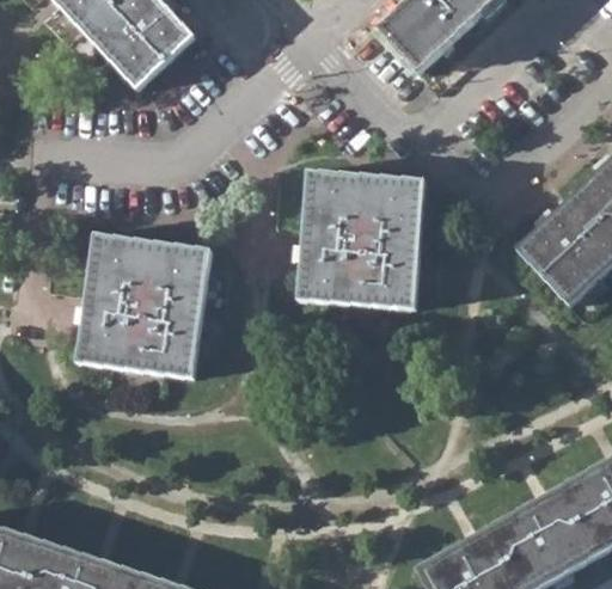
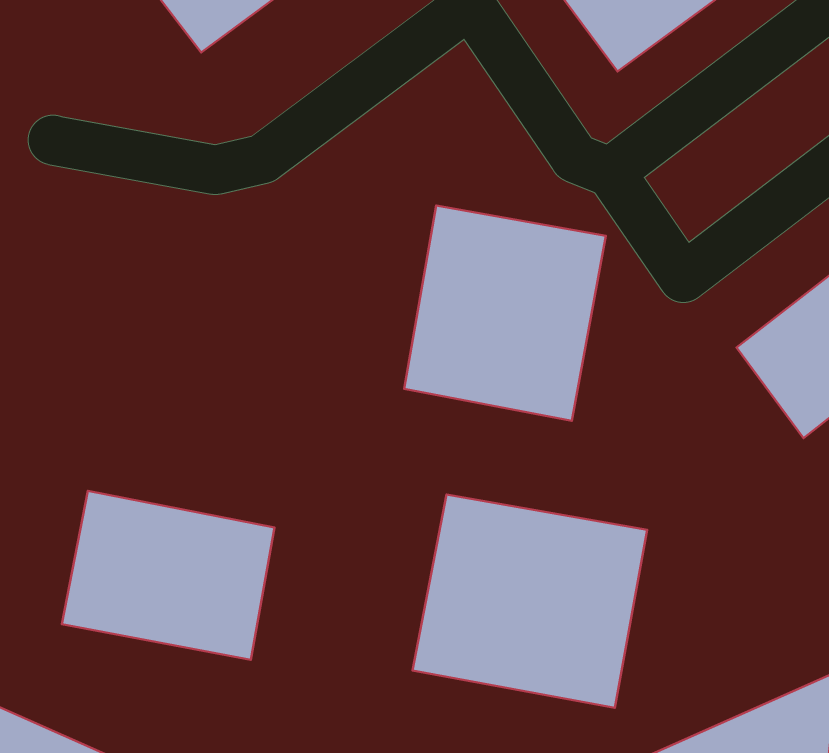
building: [79,226,207,364] -> none
building: none -> [412,495,647,708]
building: none -> [62,491,275,660]

